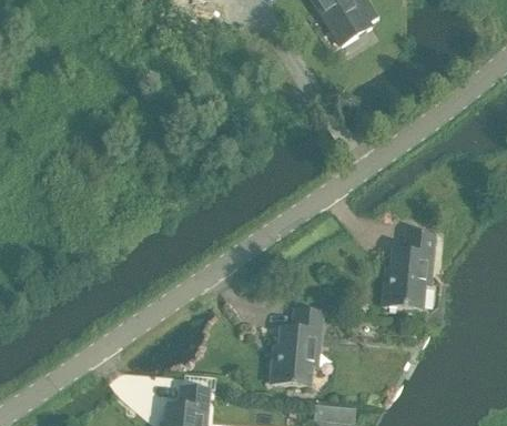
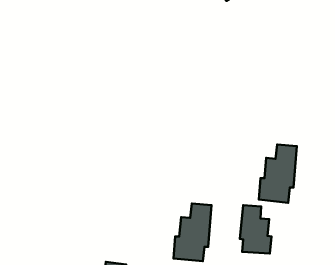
building: none -> [240,205,271,254]

